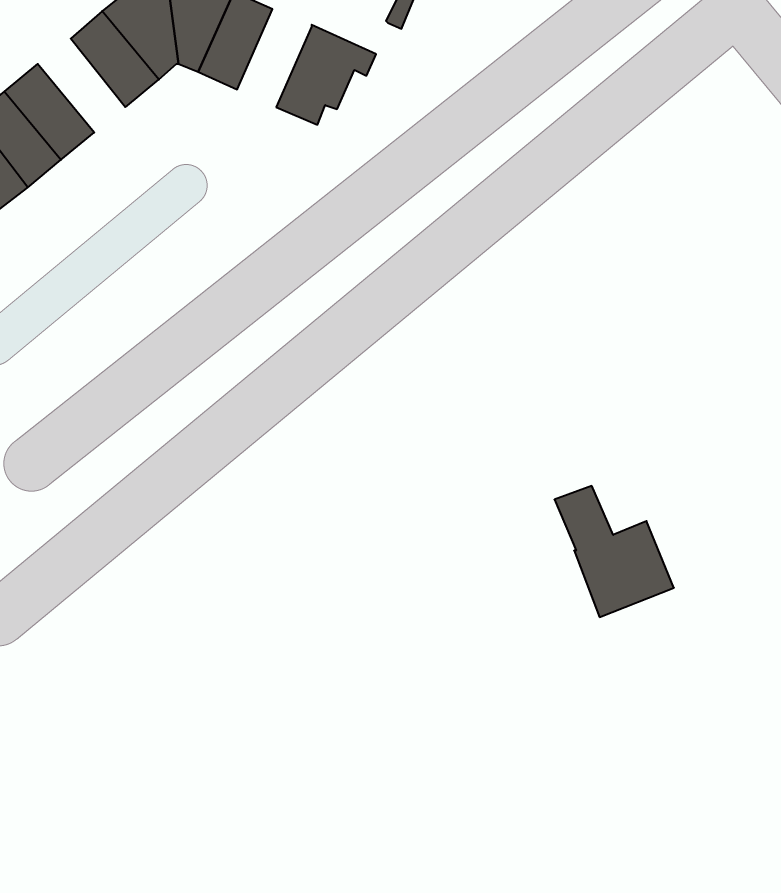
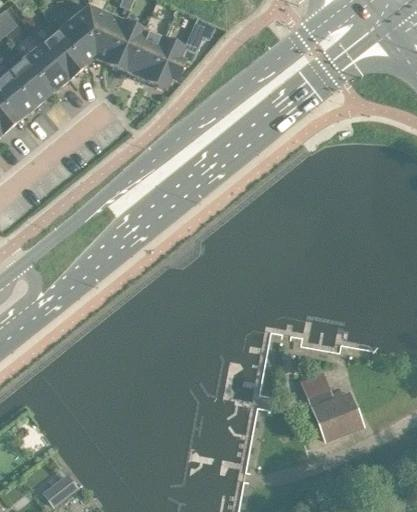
building: none -> [125,29,163,79]
building: none -> [23,44,68,92]
building: [554,486,674,617] -> [302,373,363,440]

